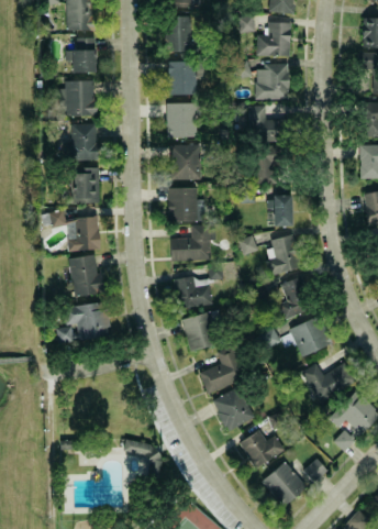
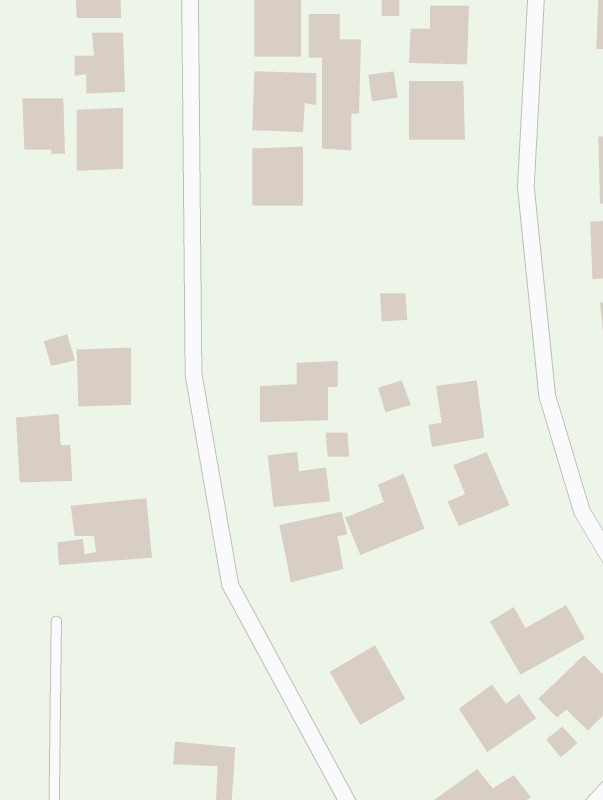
building: [249,106,280,184] -> [308,14,362,151]
building: [71,124,97,156] -> [22,98,66,154]
building: [170,144,201,179] -> none
building: [74,170,99,203] -> none
building: [167,188,205,221] -> none
building: [271,195,292,225] -> none
building: [70,255,103,295] -> [15,413,73,483]
building: [289,316,332,356] -> none
building: [199,346,245,394] -> [344,473,425,556]
building: [238,430,284,470] -> [458,684,537,753]

